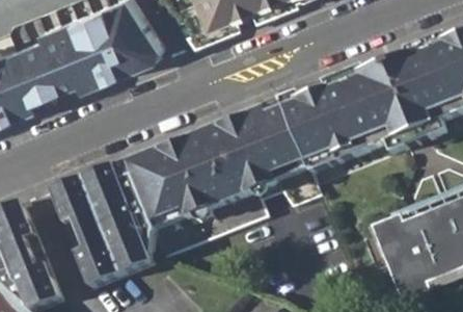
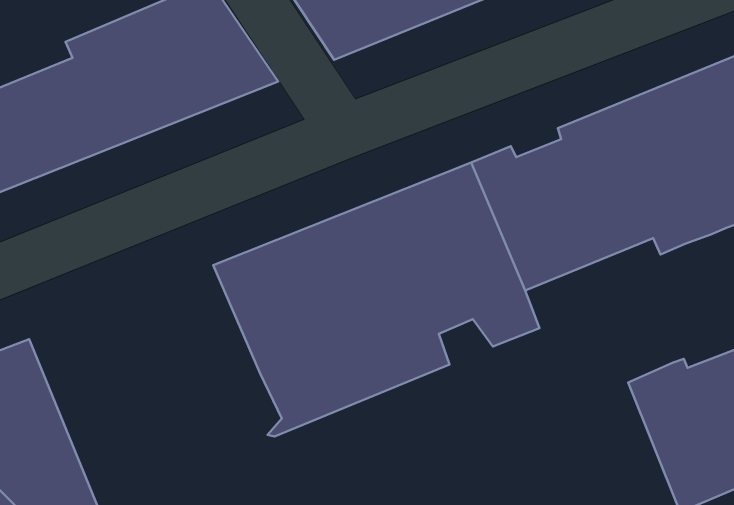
building: [54,159,157,286] -> none

